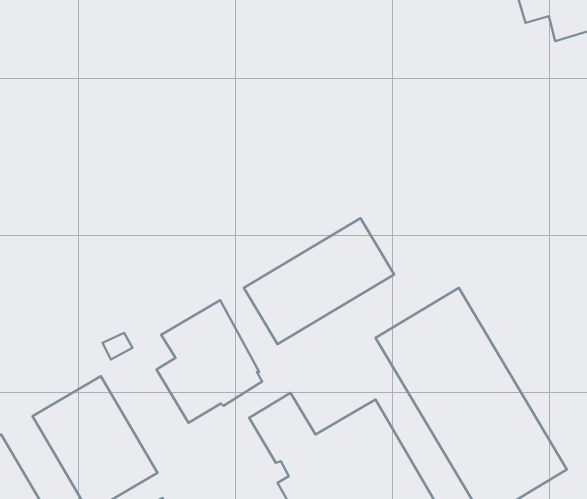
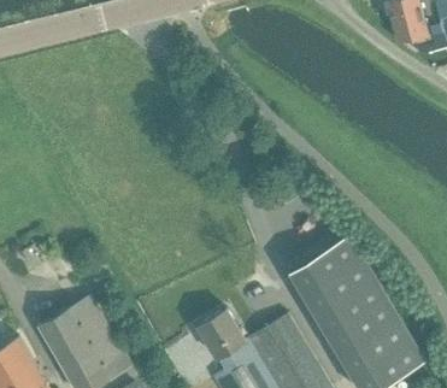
building: [244,218,394,344] -> none
building: [157,300,262,423] -> none

